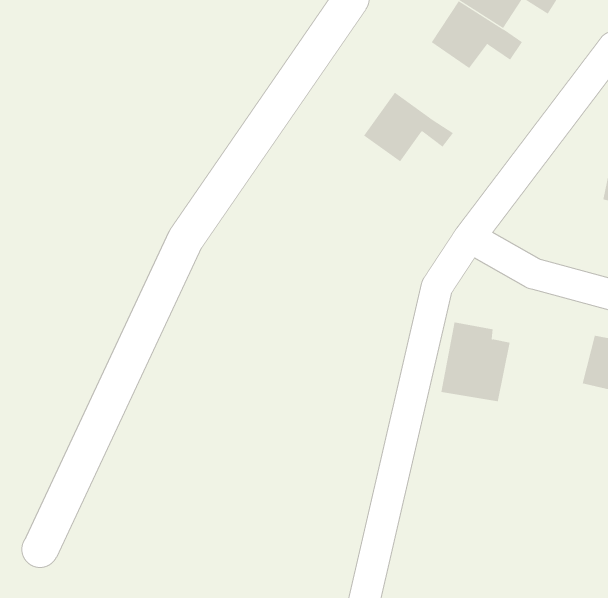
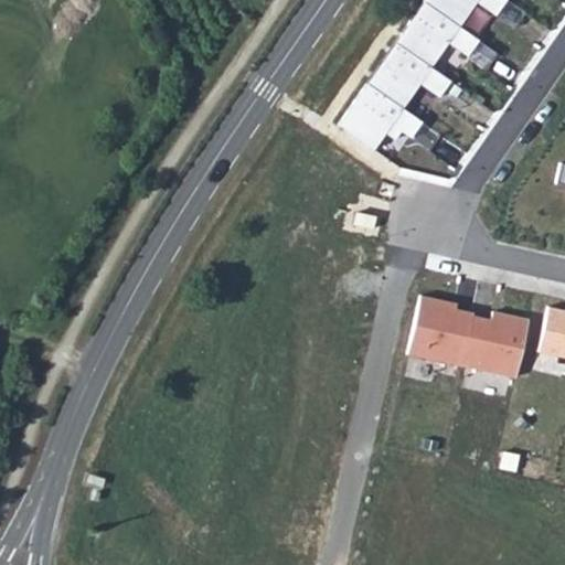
building: none -> [367,40,451,110]
building: none -> [462,309,526,379]

